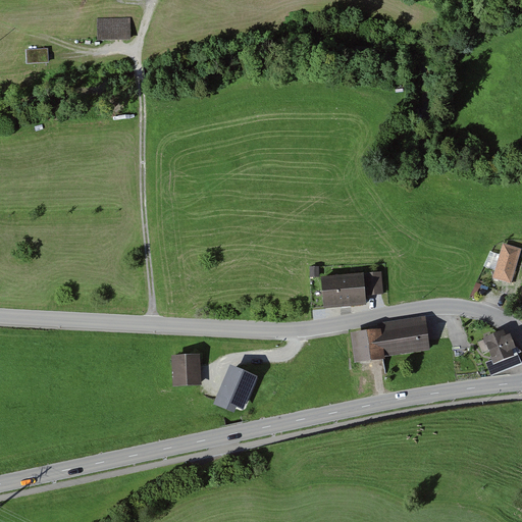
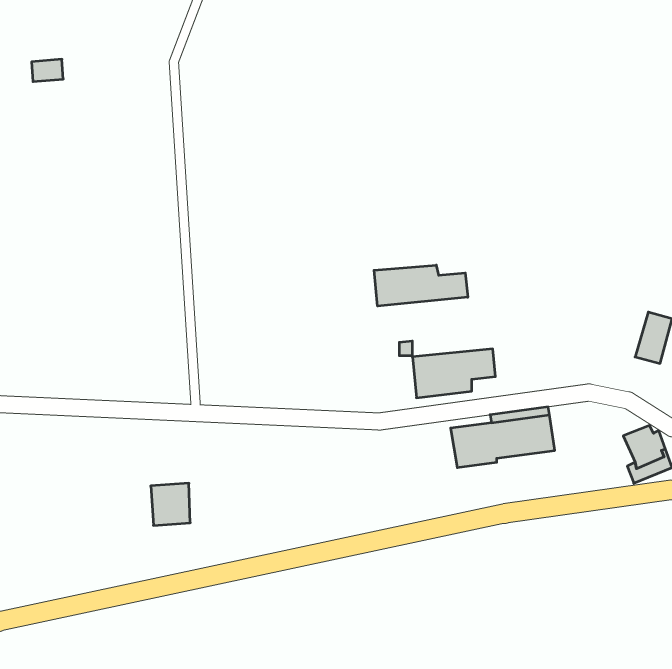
building: [96,15,129,39] -> none
building: none -> [374,265,468,306]
building: [170,353,201,385] -> [151,483,190,525]
building: [212,363,258,412] -> none

